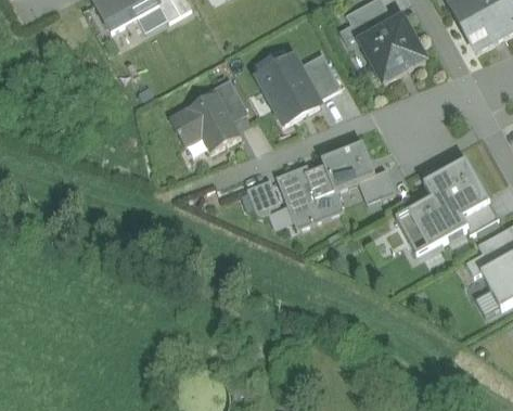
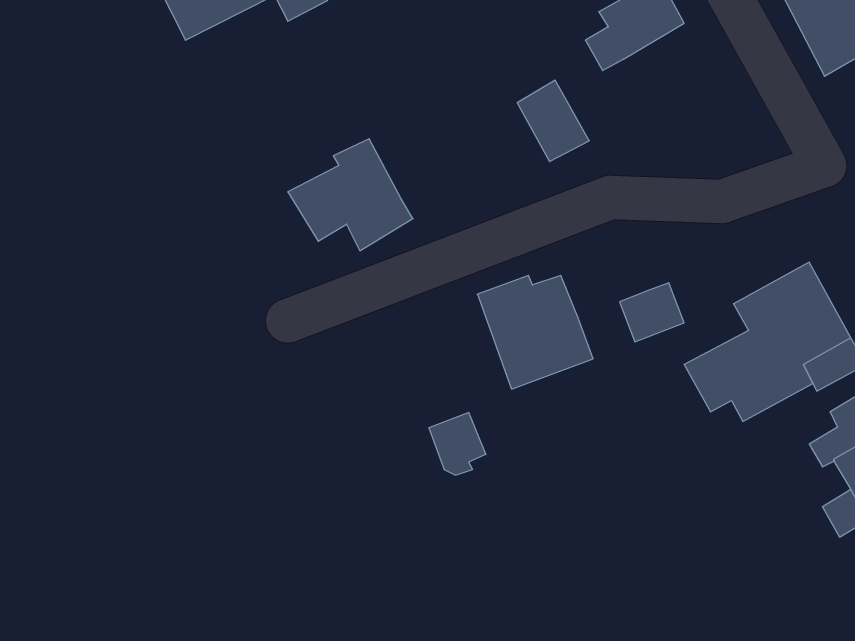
building: [360,17,425,82] -> none
building: [258,56,319,124] -> none
building: [215,77,247,121] -> none
building: [322,142,374,189] -> none
building: [246,179,279,215] -> [429,413,486,475]

